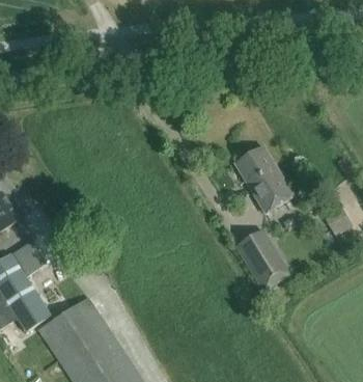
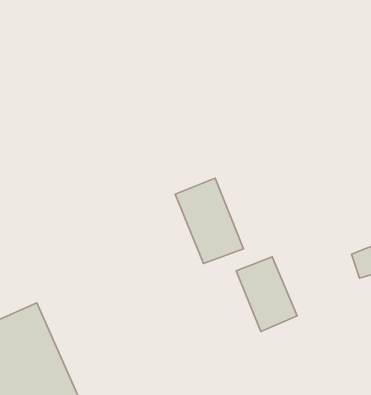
building: [233,143,294,211] -> [175,178,244,263]

